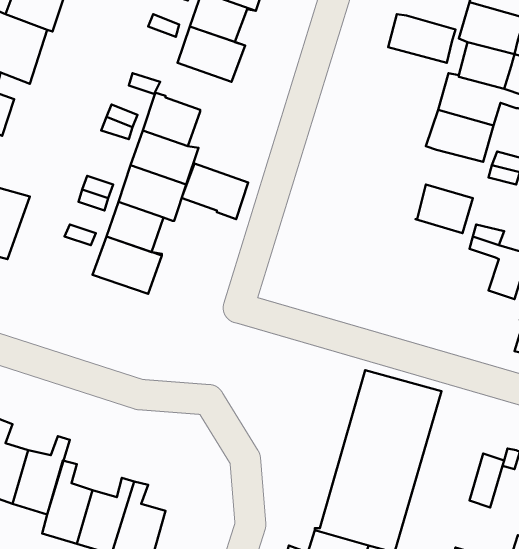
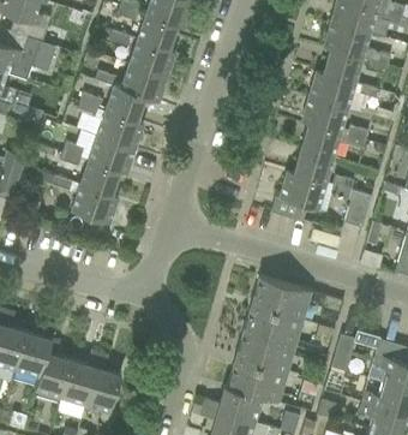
building: [388,14,456,63] -> none
building: none -> [301,124,341,157]
building: [182,164,248,219] -> [121,64,167,102]
building: none -> [280,169,326,208]

